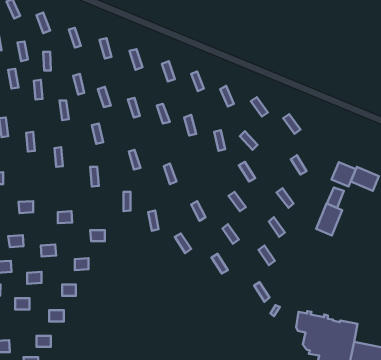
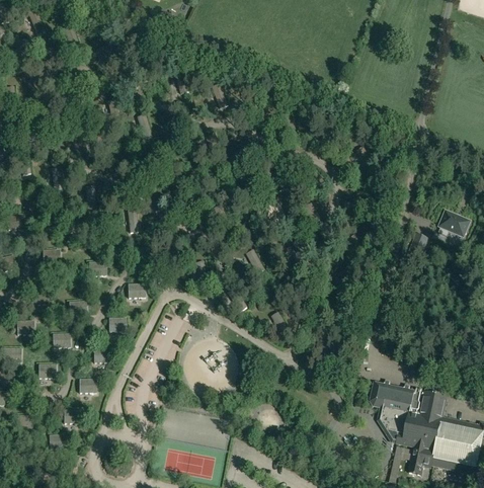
building: [332,162,356,186] -> none
building: [316,204,342,235] -> none

